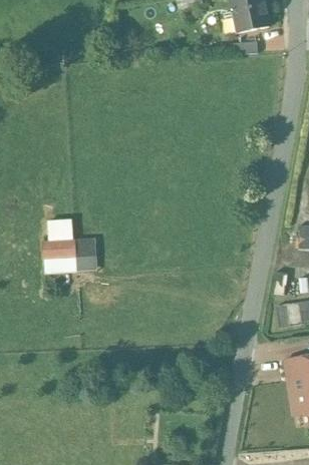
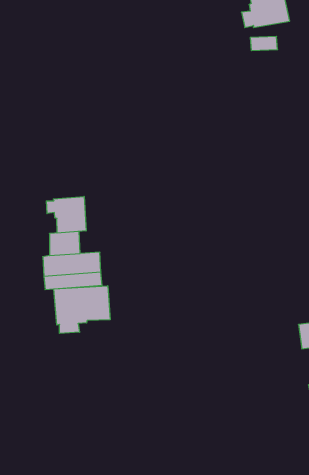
building: none -> [46,196,86,233]
building: none -> [54,286,110,333]

